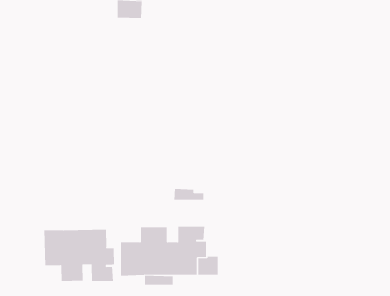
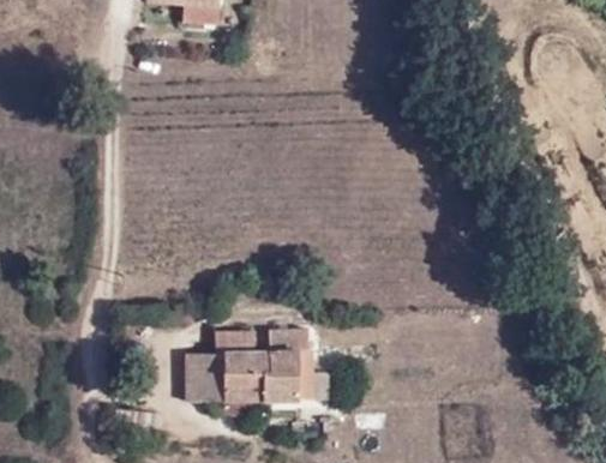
building: [44,229,115,282] -> none

